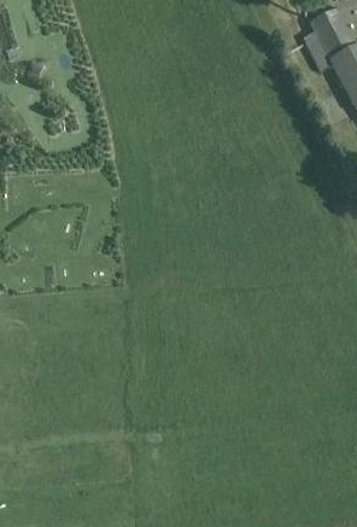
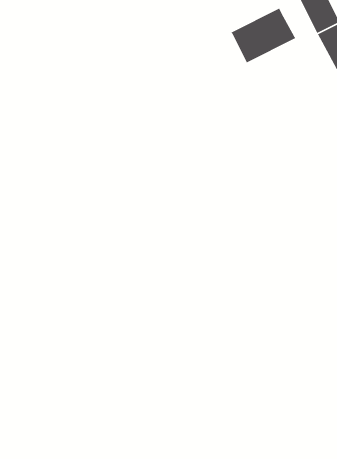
building: none -> [230,8,296,64]

